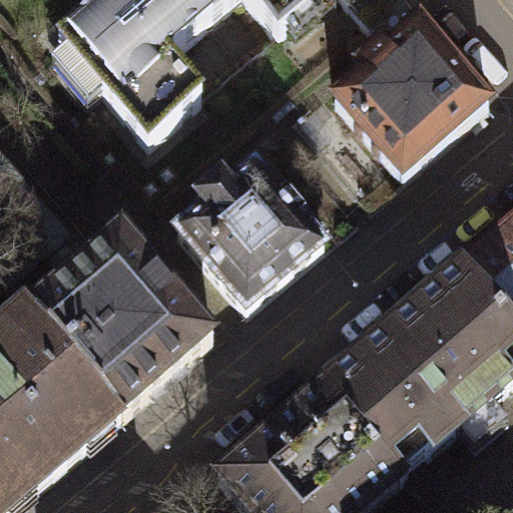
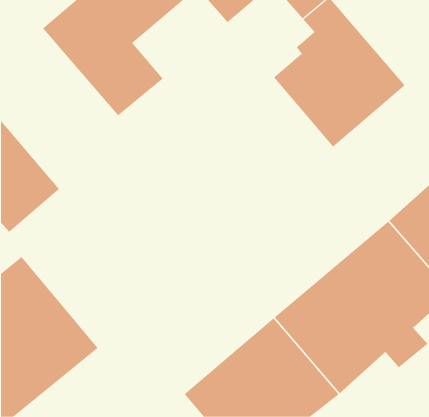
building: [172,161,318,307] -> none
building: [28,227,212,414] -> none

